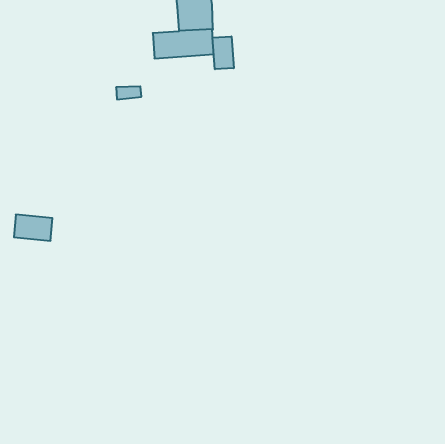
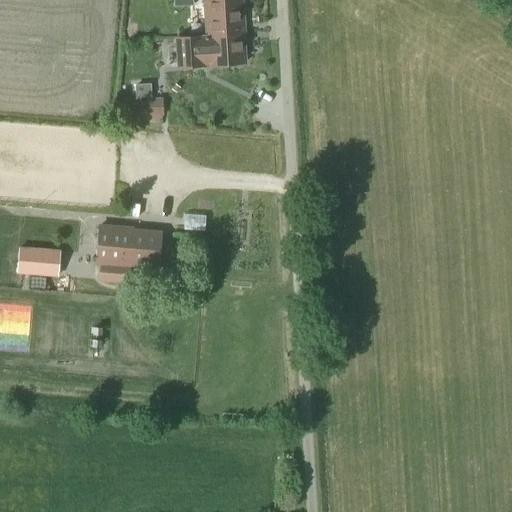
building: [213,36,234,69] -> none
building: none -> [95,224,161,280]

